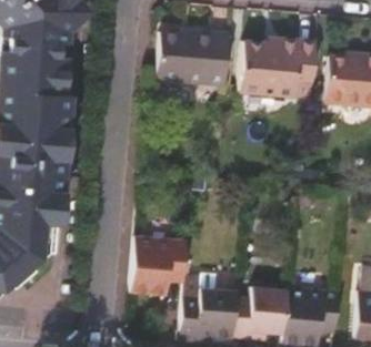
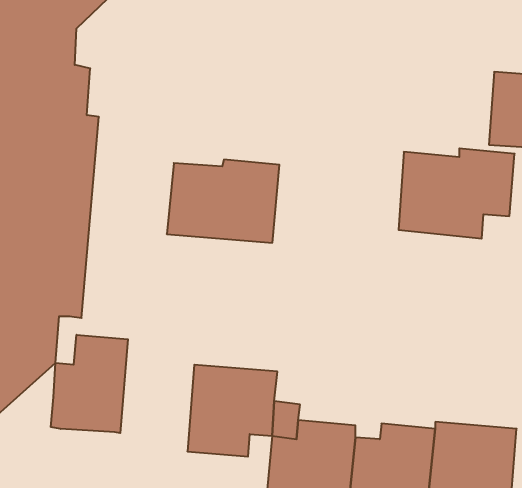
building: [159,32,231,85] -> [167,160,279,243]
building: [243,41,318,99] -> [399,148,515,239]
building: none -> [51,335,128,433]

